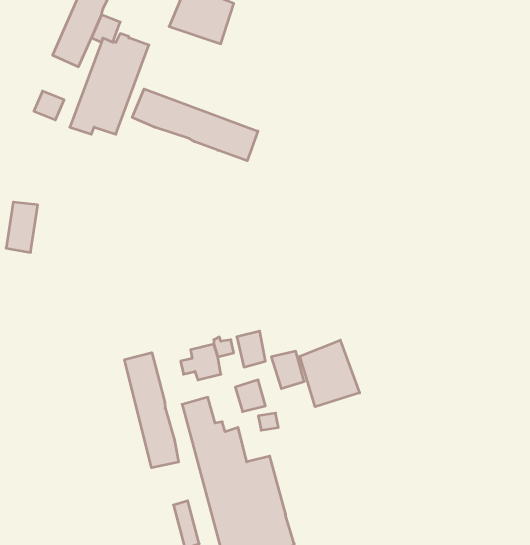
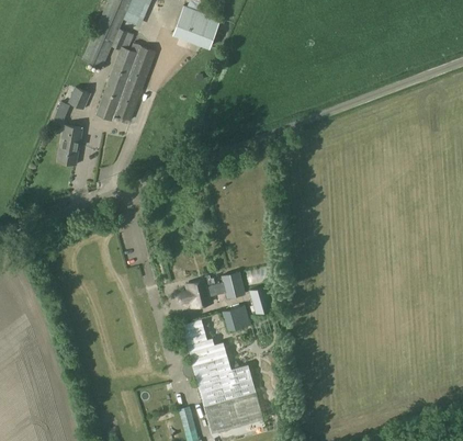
building: [132,89,258,161] -> none
building: [6,202,38,252] -> [58,126,82,165]
building: [300,340,360,407] -> none
building: [125,353,179,468] -> none

